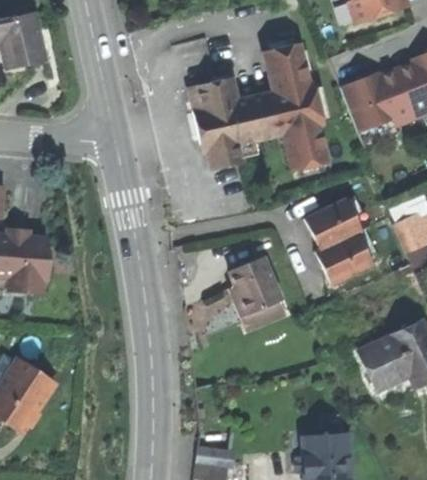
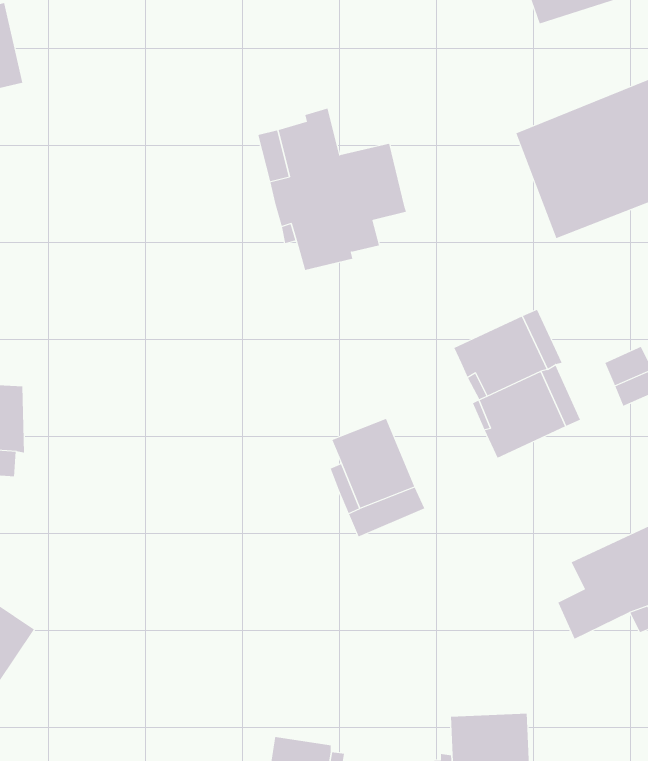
building: [264,41,327,167] -> none

